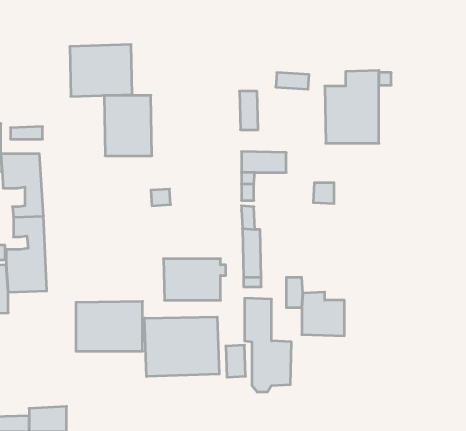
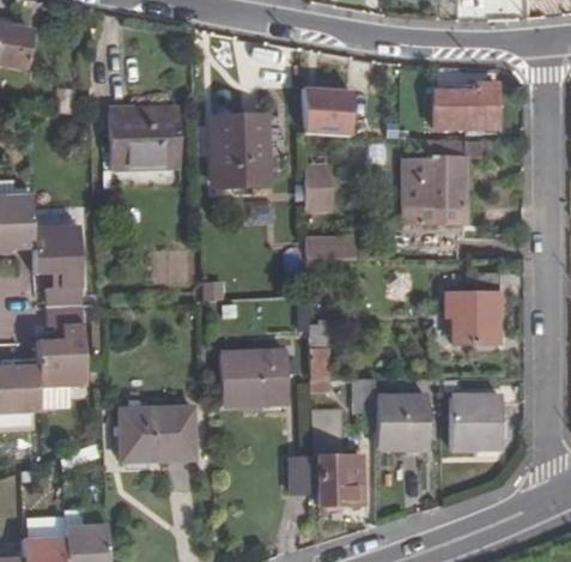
building: none -> [433,79,499,125]
building: none -> [302,86,356,133]
building: [104,95,152,156] -> [214,117,269,187]
building: none -> [447,271,503,344]
building: none -> [454,394,504,446]
building: [145,317,219,377] -> none

